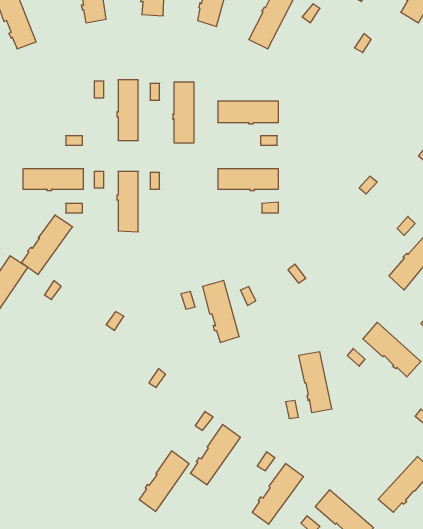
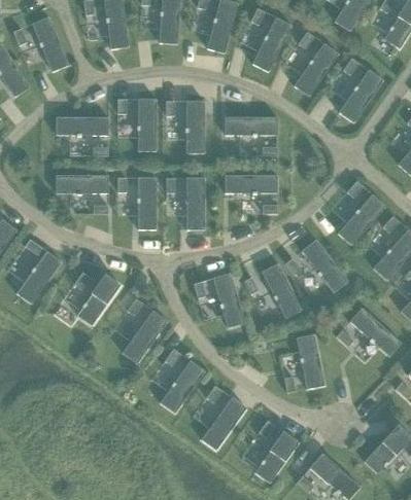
building: none -> [295,41,338,94]
building: none -> [340,68,383,120]
building: none -> [56,116,108,136]
building: none -> [185,177,204,229]
building: none -> [337,193,385,245]
building: [22,215,73,275] -> [76,274,121,325]
building: none -> [301,239,347,291]
building: none -> [262,262,301,317]
building: none -> [124,309,168,361]
building: [139,451,189,511] -> [161,359,204,412]

